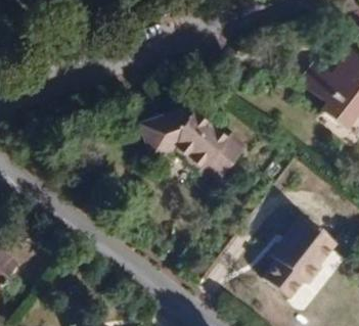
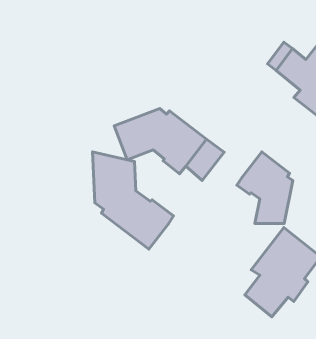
building: none -> [92,152,174,249]
building: none -> [237,152,293,224]

